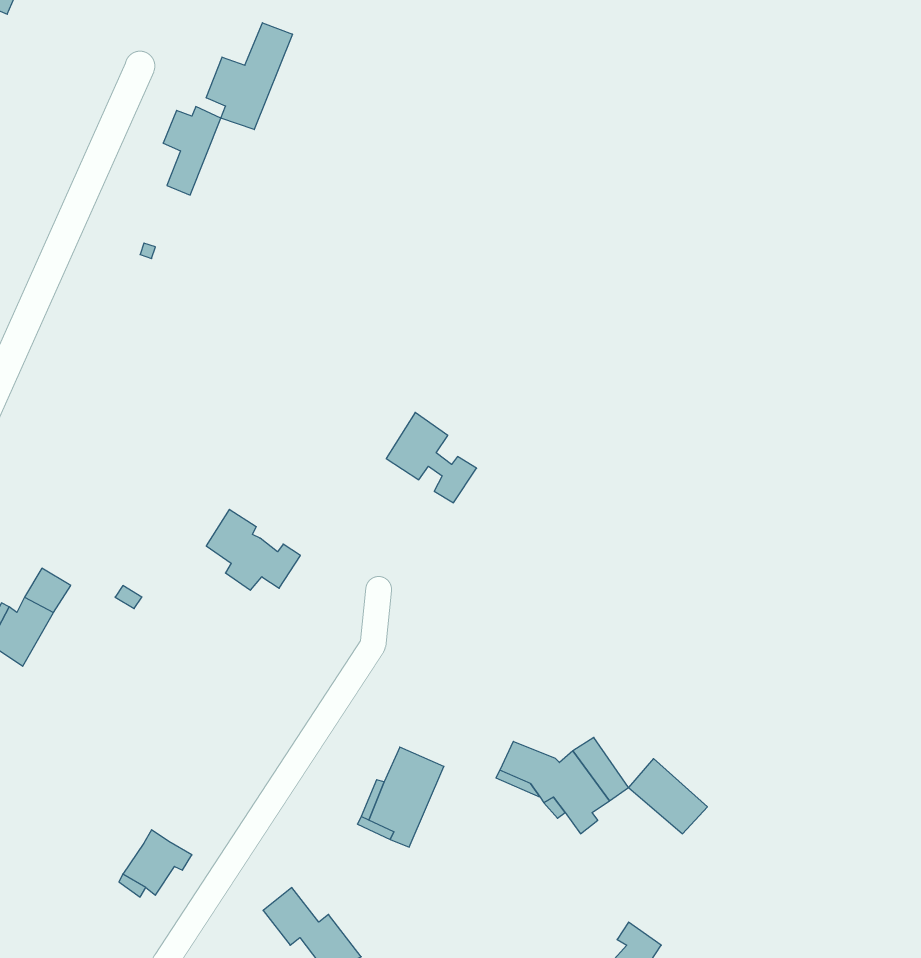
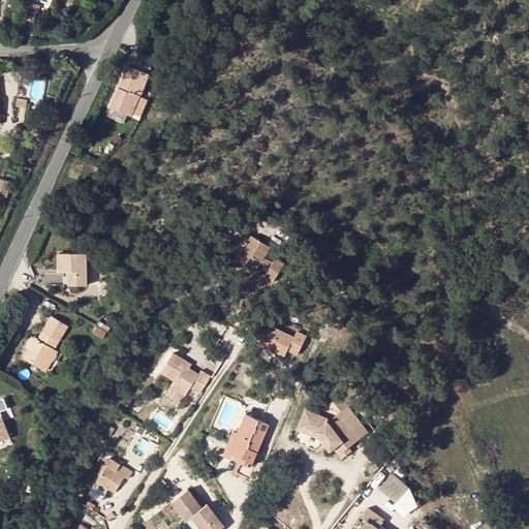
building: [206,23,292,130] -> none
building: none -> [58,254,87,286]
building: [206,509,300,590] -> [158,351,209,395]
building: none -> [256,326,305,356]
building: [629,759,707,834] -> [377,473,419,514]

